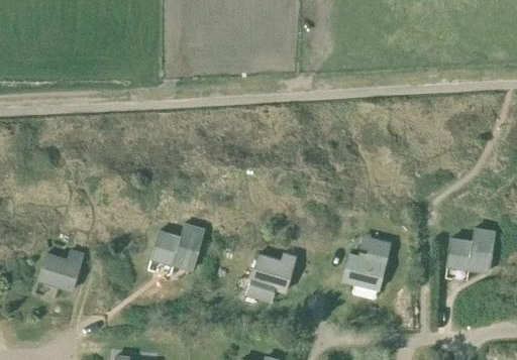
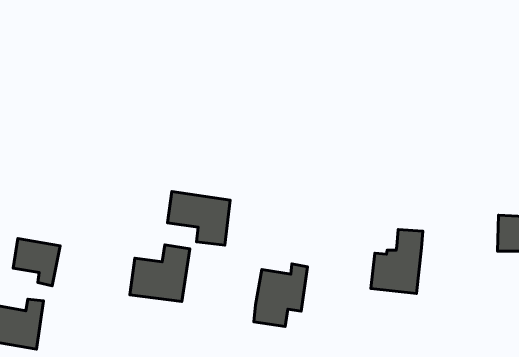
building: none -> [168,192,230,245]
building: none -> [13,239,60,286]

